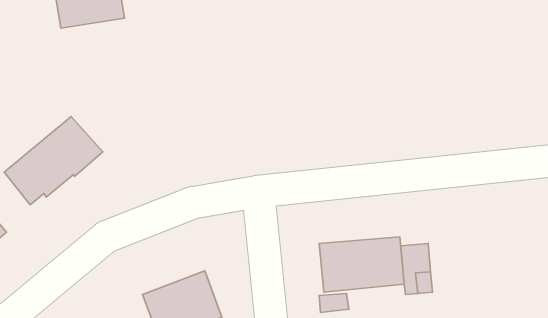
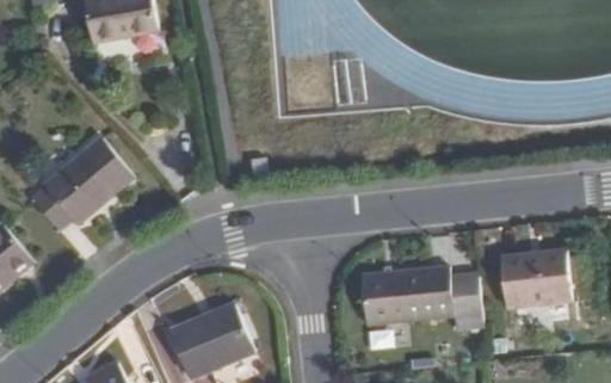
building: none -> [499,249,572,308]

